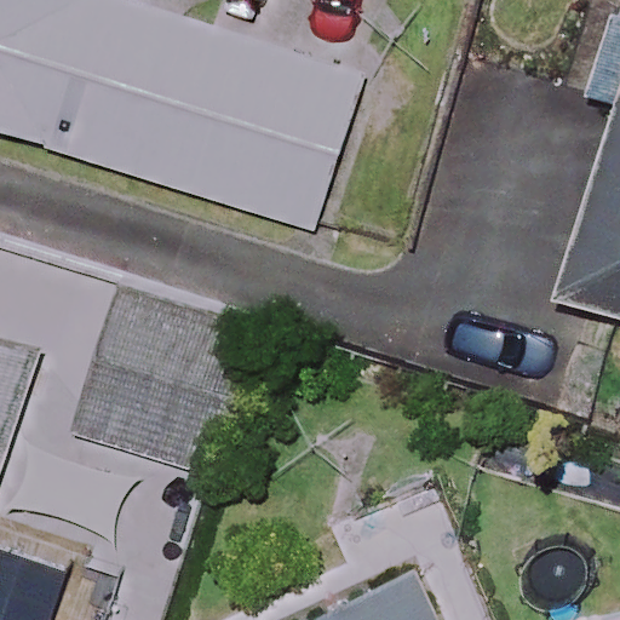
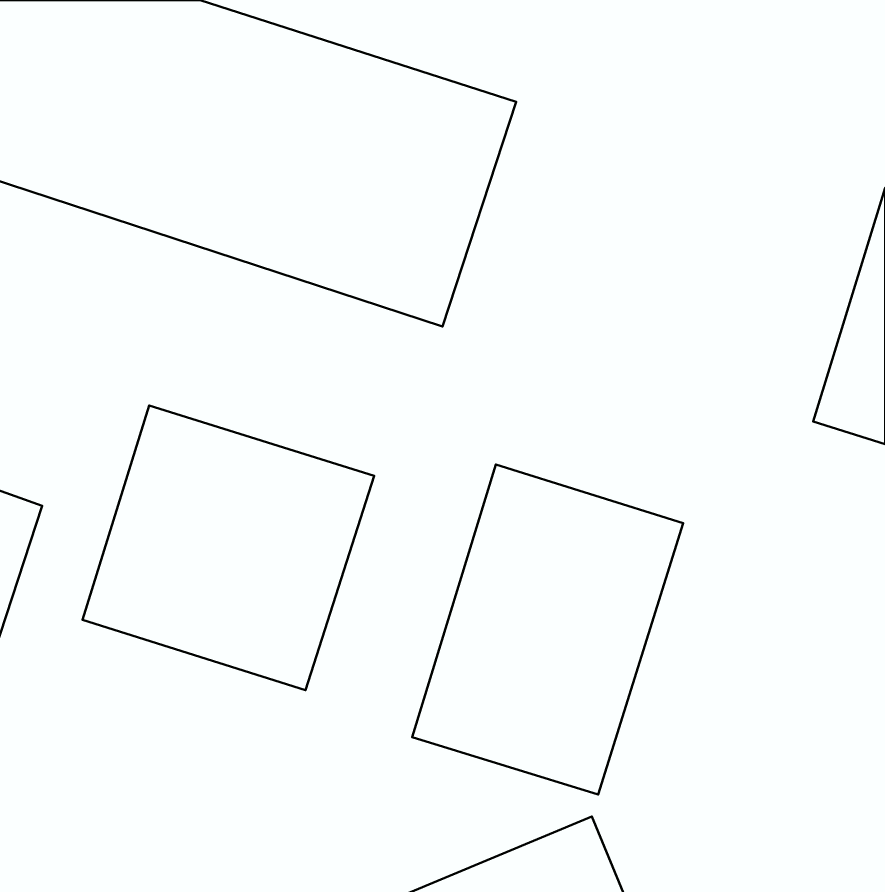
building: none -> [412,465,683,794]

